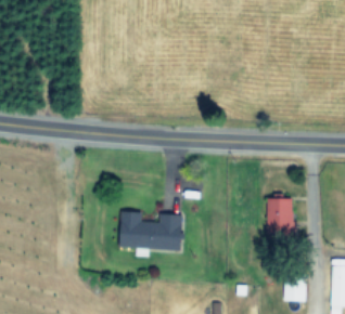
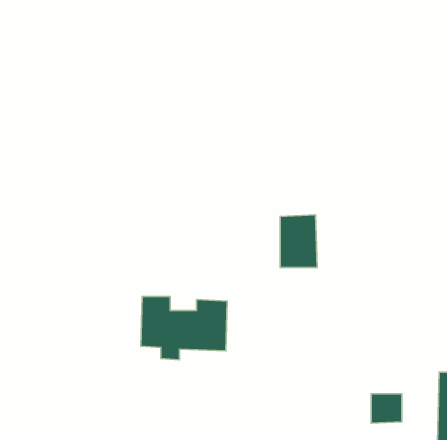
building: [268,197,294,234] -> [280,215,317,267]

